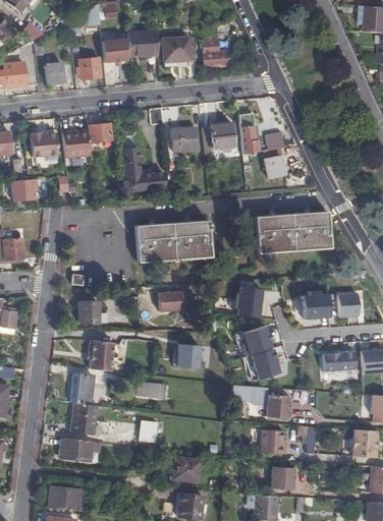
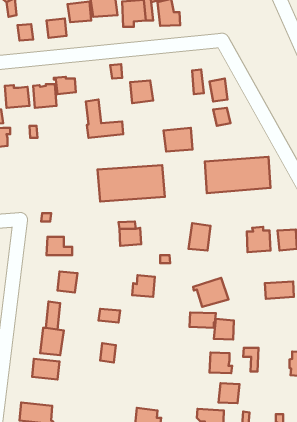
building: [202,122,234,149] -> [163,128,192,151]
building: [235,326,272,354] -> none
building: [172,457,200,481] -> none

